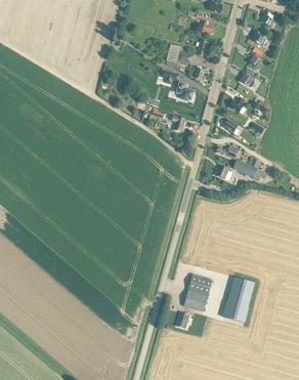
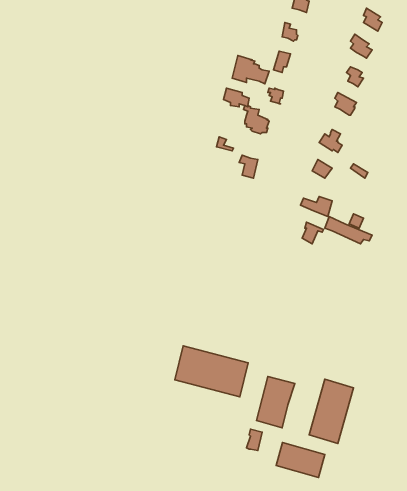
building: none -> [175,346,248,397]
building: none -> [276,443,325,478]

